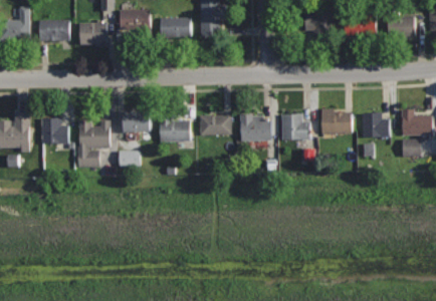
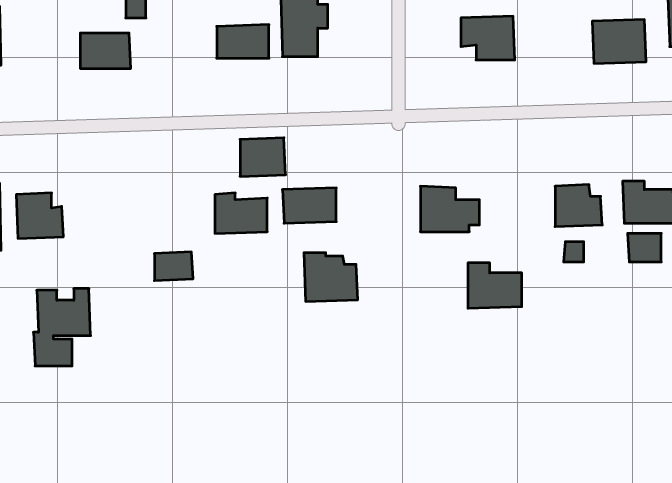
building: [120,8,152,38] -> none
building: [343,16,377,36] -> none
building: [39,19,69,41] -> none
building: [320,107,353,134] -> [468,263,522,308]
building: [123,109,150,132] -> [240,138,286,176]
building: [239,113,271,142] -> [304,253,358,301]
building: [76,120,111,167] -> [33,289,91,366]

